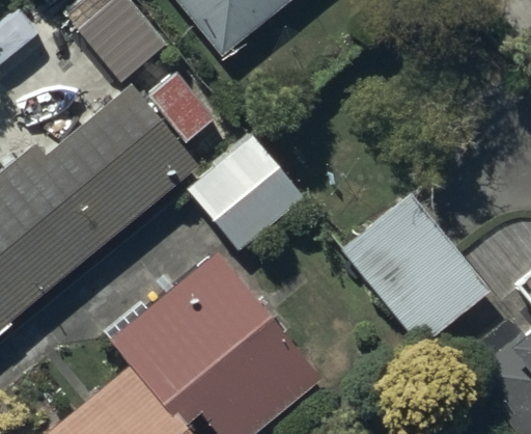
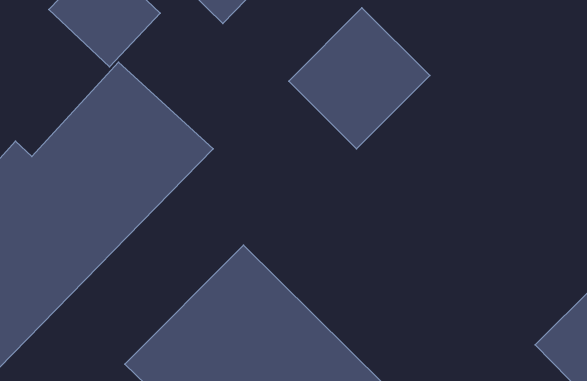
building: [187,134,306,252] -> [289,8,430,149]
building: [341,191,492,348] -> none

